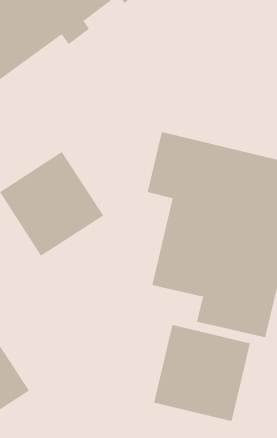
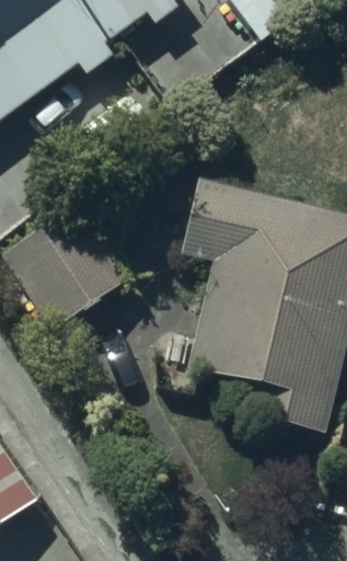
building: [154,324,250,422] -> none

